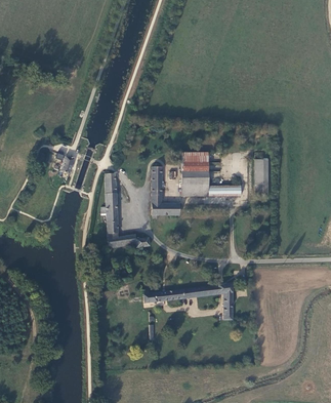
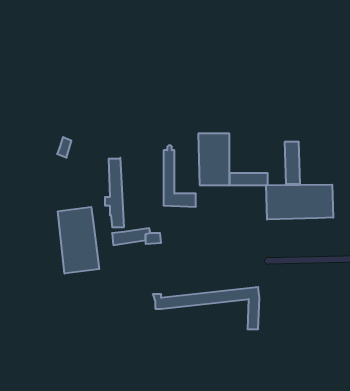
building: none -> [266,185,333,220]
building: none -> [58,207,99,274]

